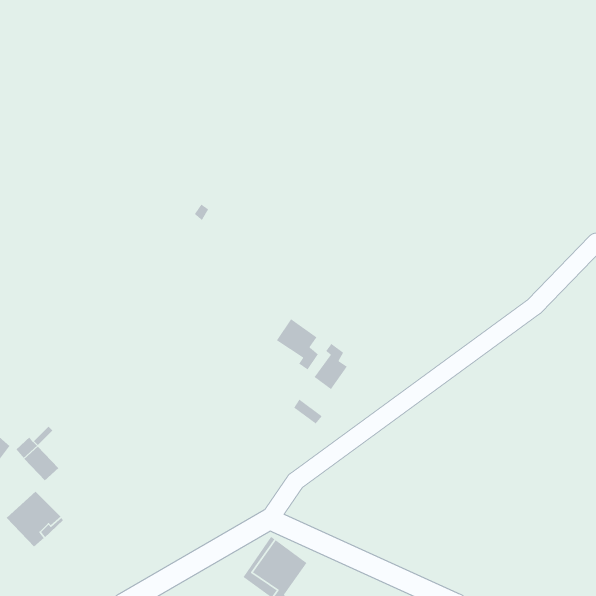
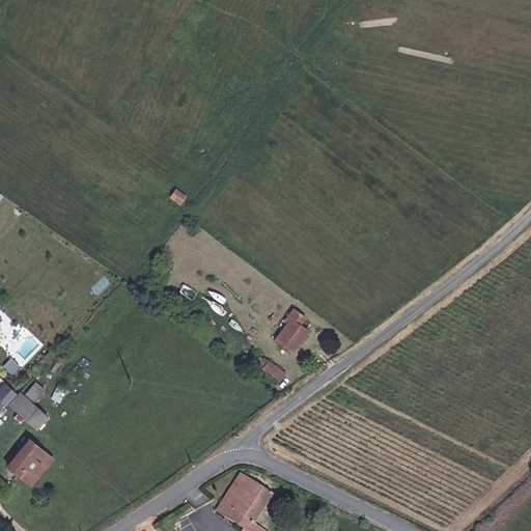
building: [276,318,319,370] -> none

